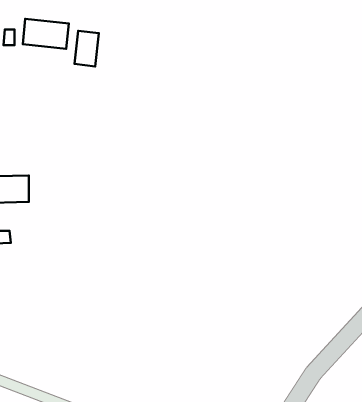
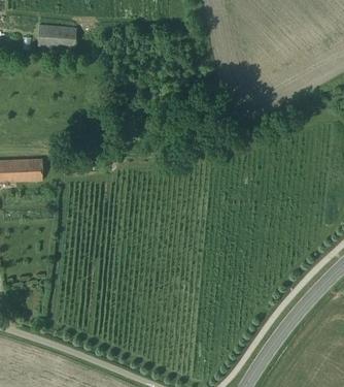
building: [74,31,99,66] -> none

